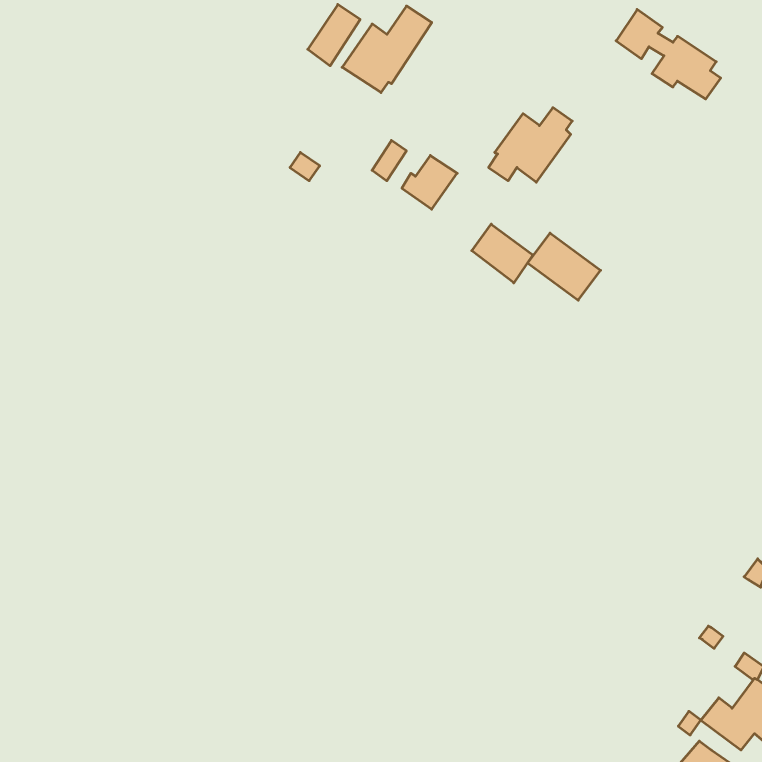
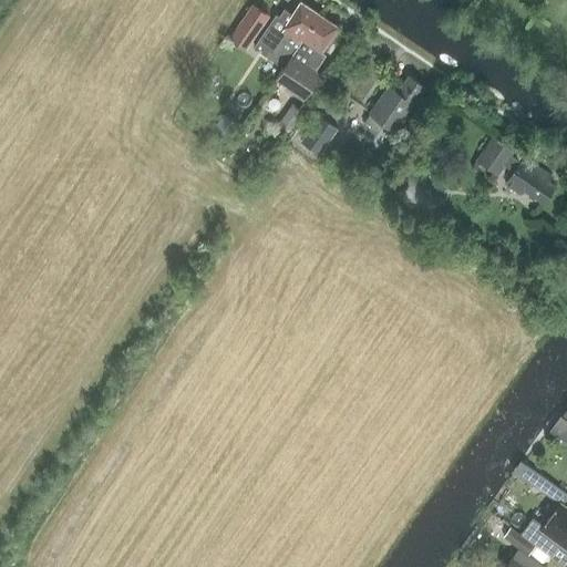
building: [616,9,721,99] -> [478,138,556,205]
building: none -> [281,18,339,101]
building: [472,224,533,283] -> none

